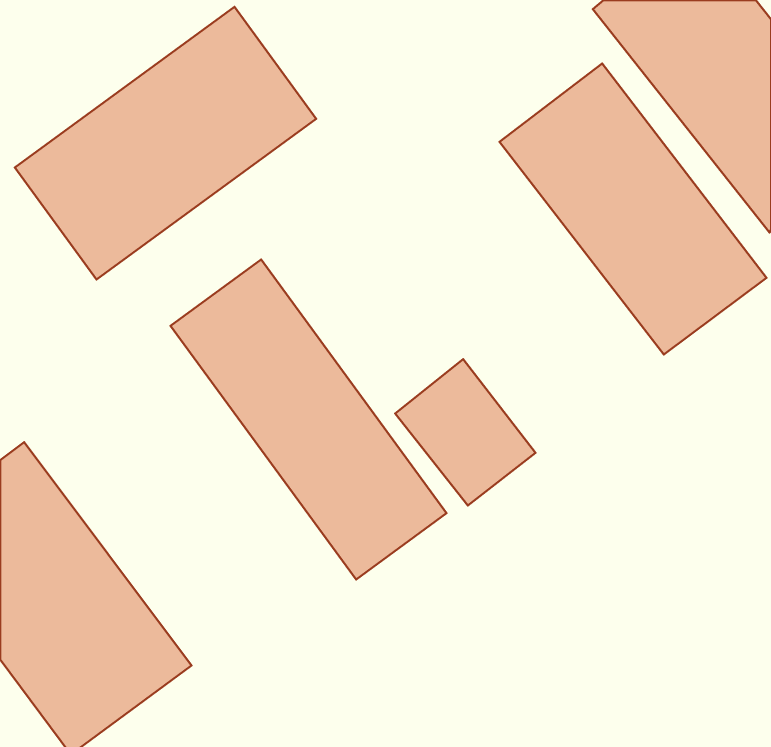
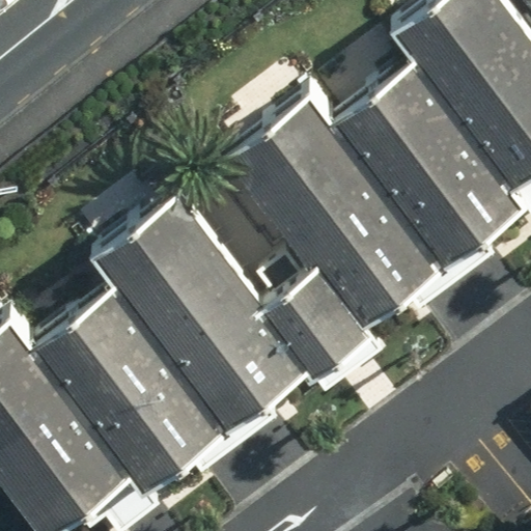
building: [15,7,316,280] -> none
building: none -> [249,97,437,314]
building: none -> [54,279,232,478]

